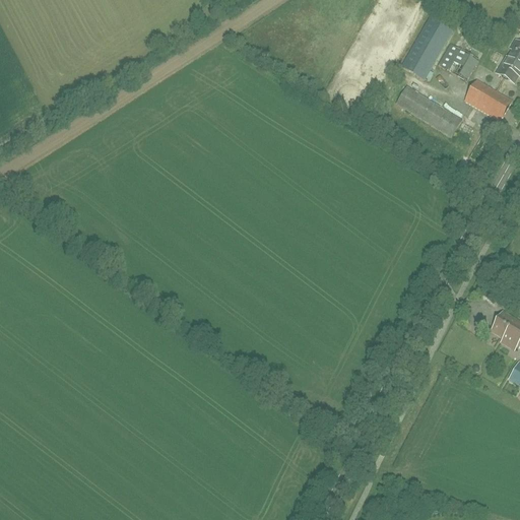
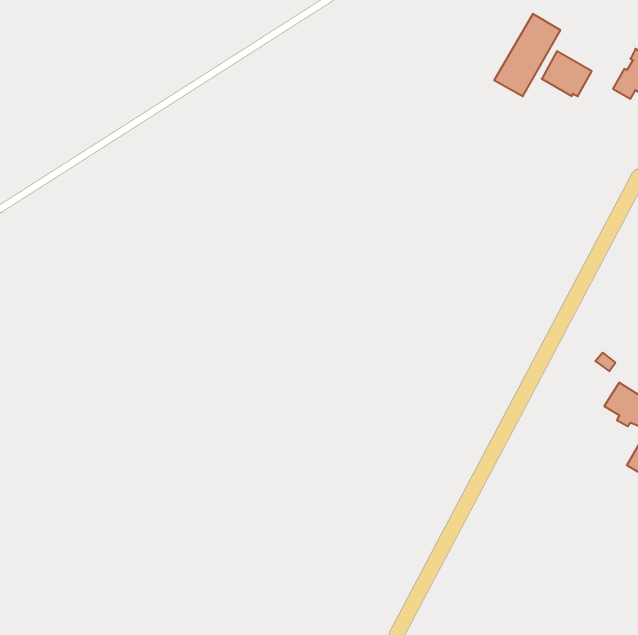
building: [465,79,513,120] -> none
building: [397,85,462,136] -> none

